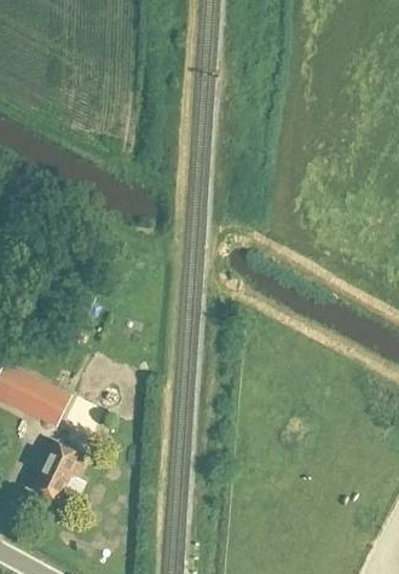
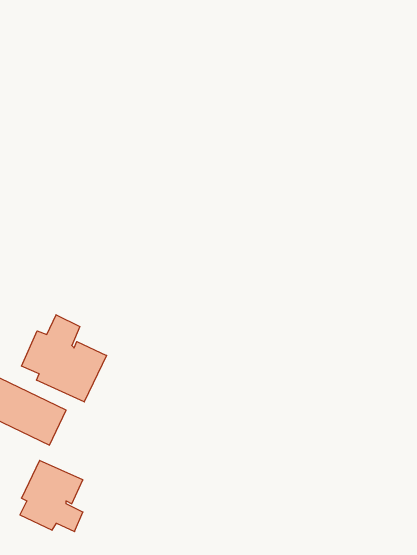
building: none -> [21,315,107,402]

